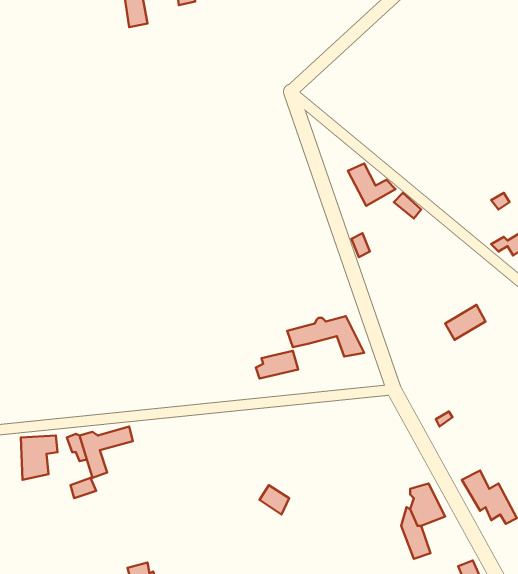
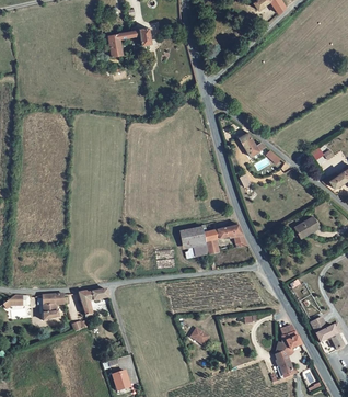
building: none -> [183,226,221,256]

